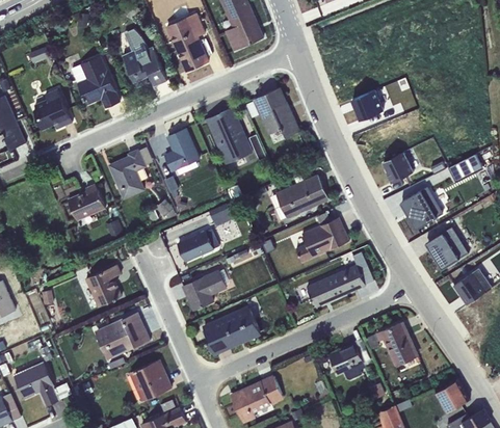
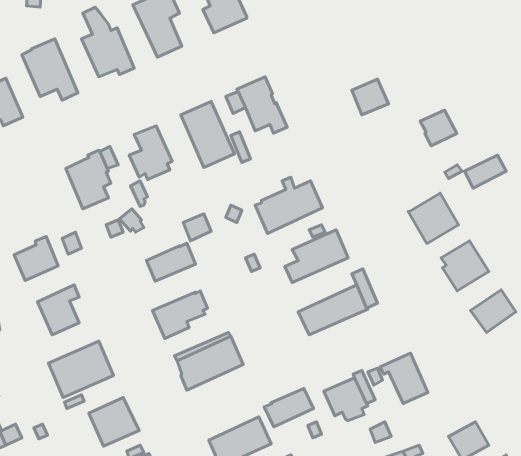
building: [383,152,414,182] -> [420,110,457,146]
building: [68,184,105,221] -> [14,236,58,280]
building: none -> [264,388,313,427]

